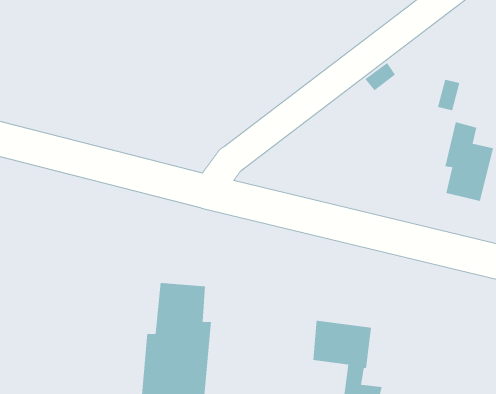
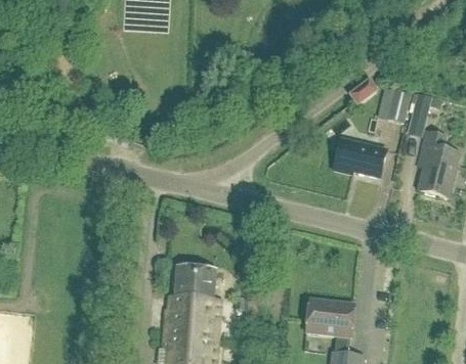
building: none -> [387,88,411,121]
building: none -> [334,137,387,176]

